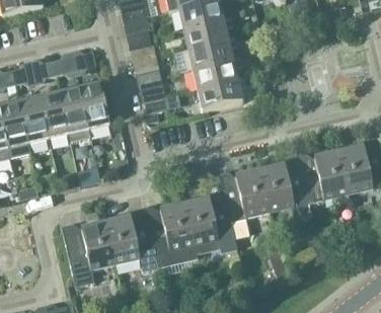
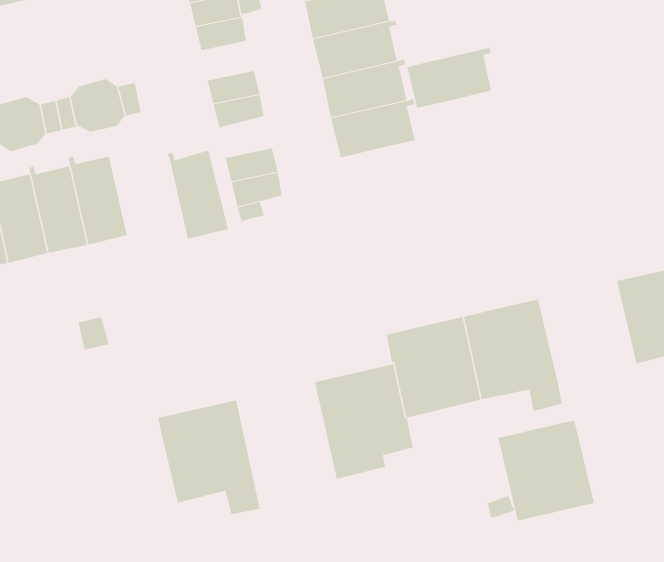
building: [198,78,241,109] -> [407,47,492,109]
building: [79,82,110,128] -> [167,150,229,239]
building: [299,151,349,203] -> [497,420,595,521]
building: [145,203,198,267] -> none
building: [63,217,115,286] -> none

